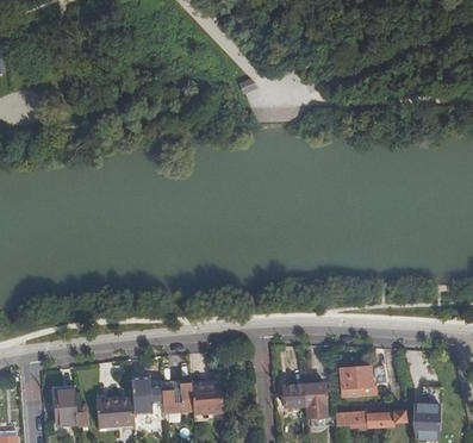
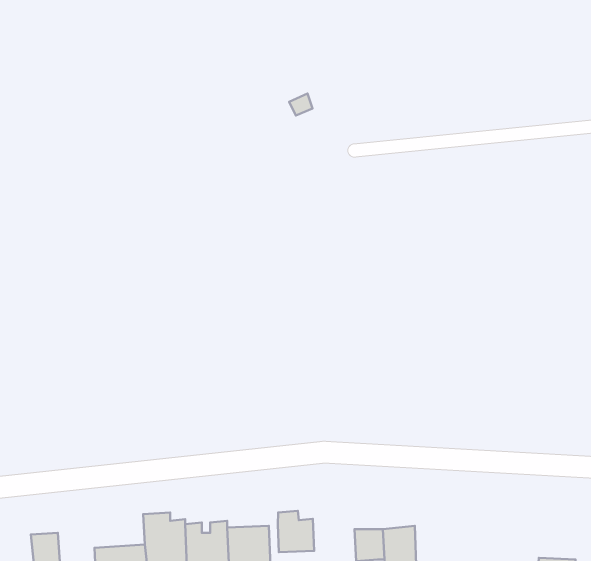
building: [341,368,376,395] -> none
building: none -> [278,511,314,552]

